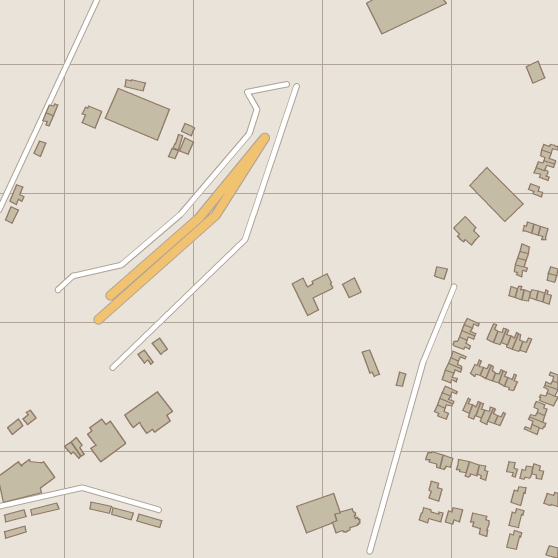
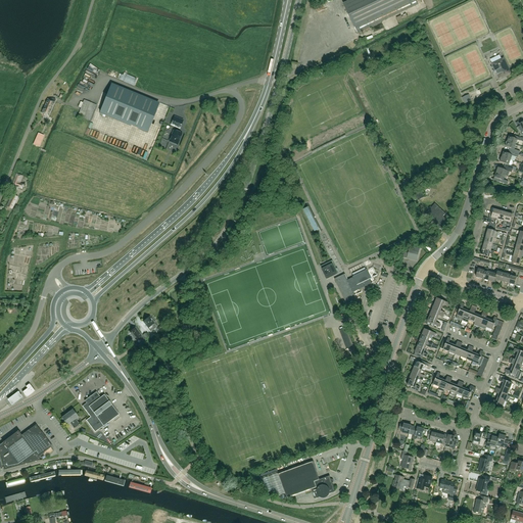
building: [470,167,523,221] -> none
building: [292,274,333,315] -> [333,269,371,307]
building: [125,392,172,433] -> none

